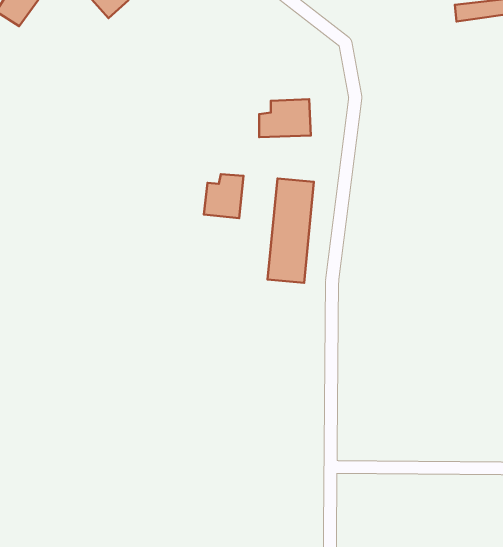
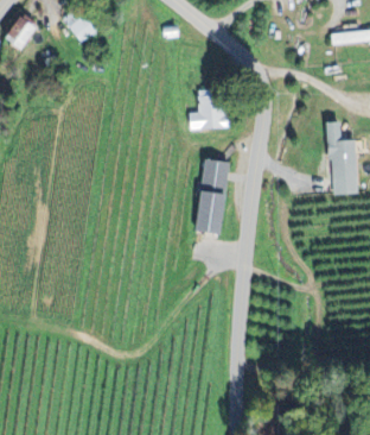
building: none -> [327,121,359,194]
building: [204,174,243,218] -> none

